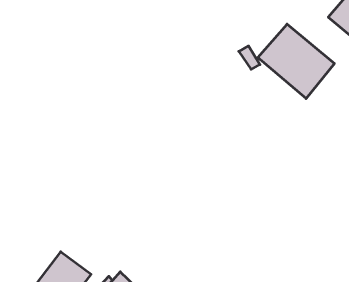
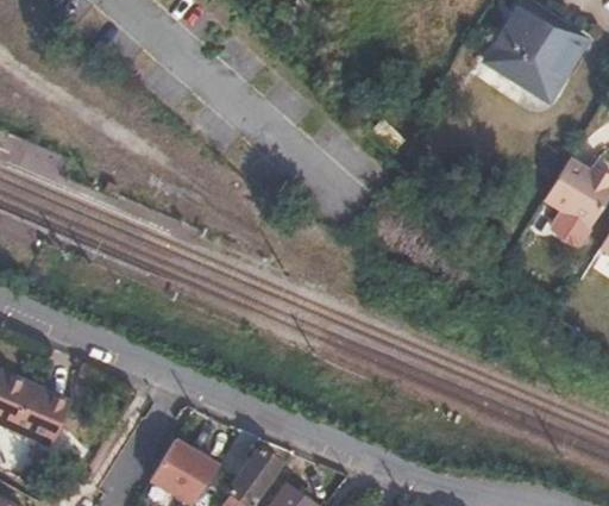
building: [258,24,334,99] -> none

